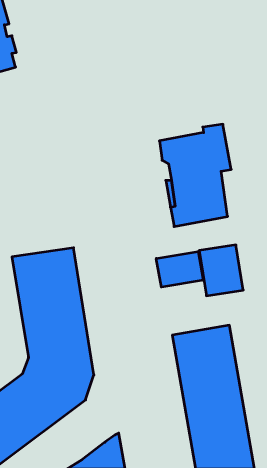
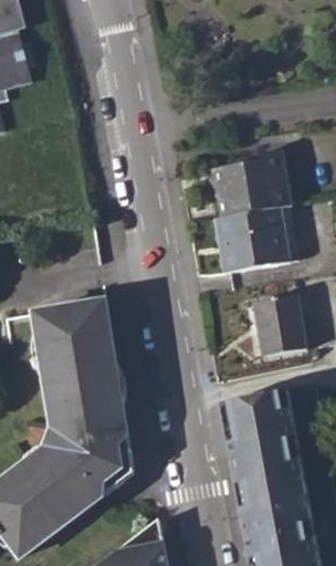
building: [156,252,203,287] -> none

